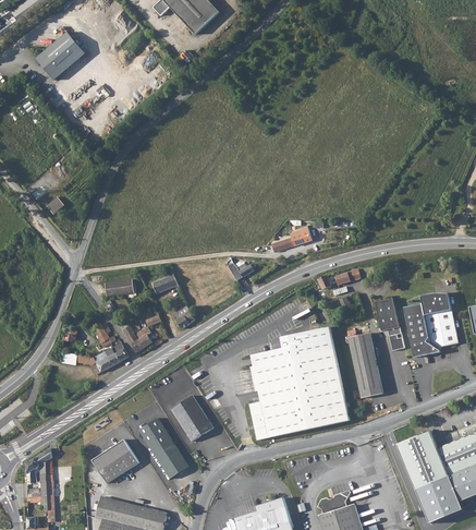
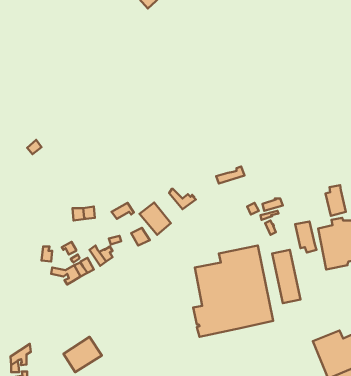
building: [36,32,85,80] -> none
building: none -> [326,185,346,216]
building: none -> [140,202,171,235]
building: [170,394,212,441] -> none
building: [138,417,188,478] -> none

